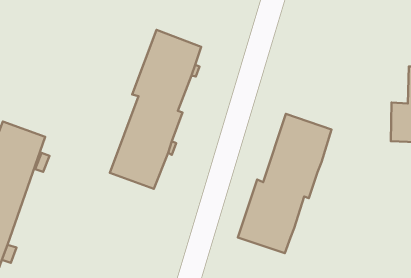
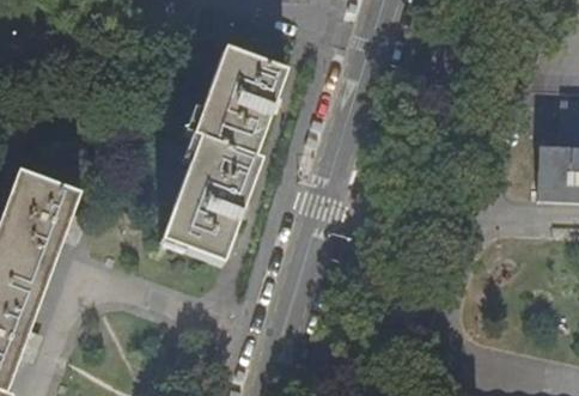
building: [238,114,332,253] -> none

